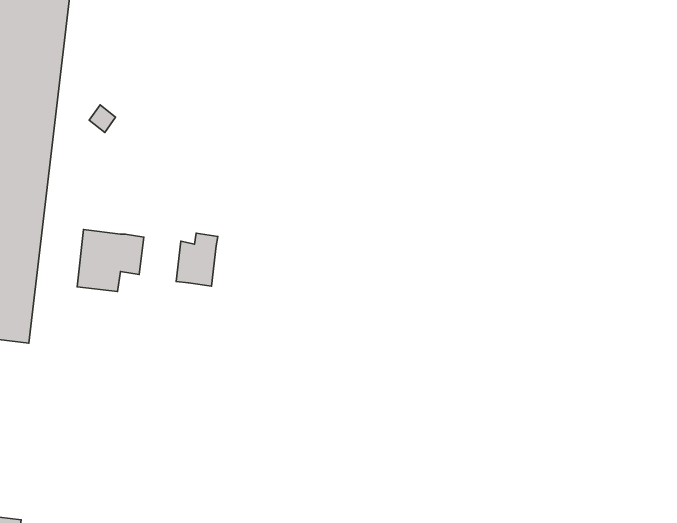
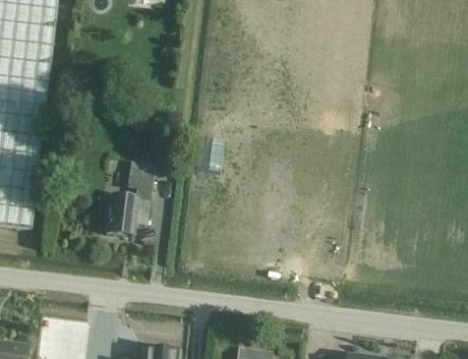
building: [77,230,144,292] -> [106,195,150,236]

